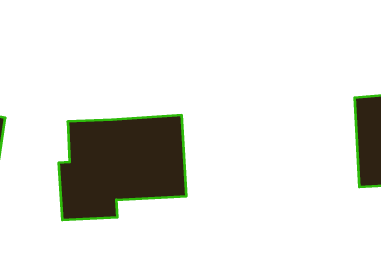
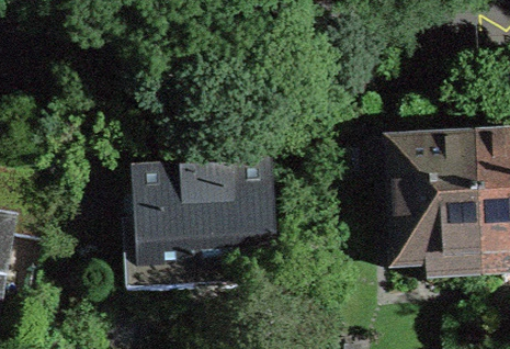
building: none -> [390,137,480,270]

